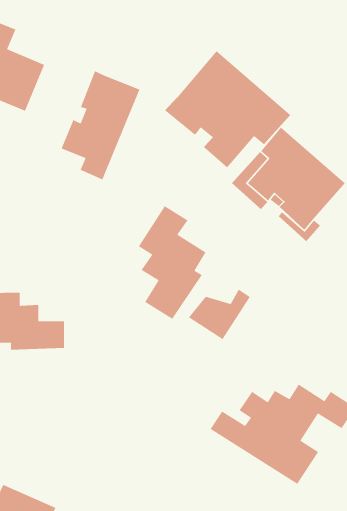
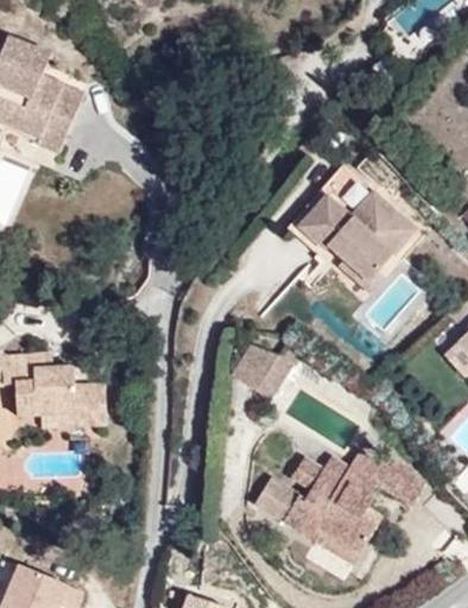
building: [164,50,291,169] -> none
building: [60,70,140,181] -> none
building: [138,205,207,320] -> none

